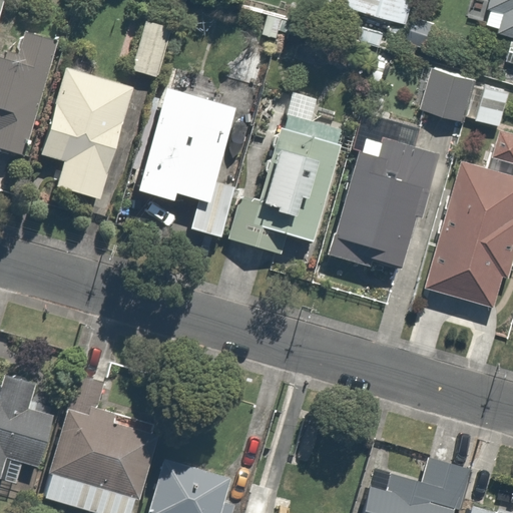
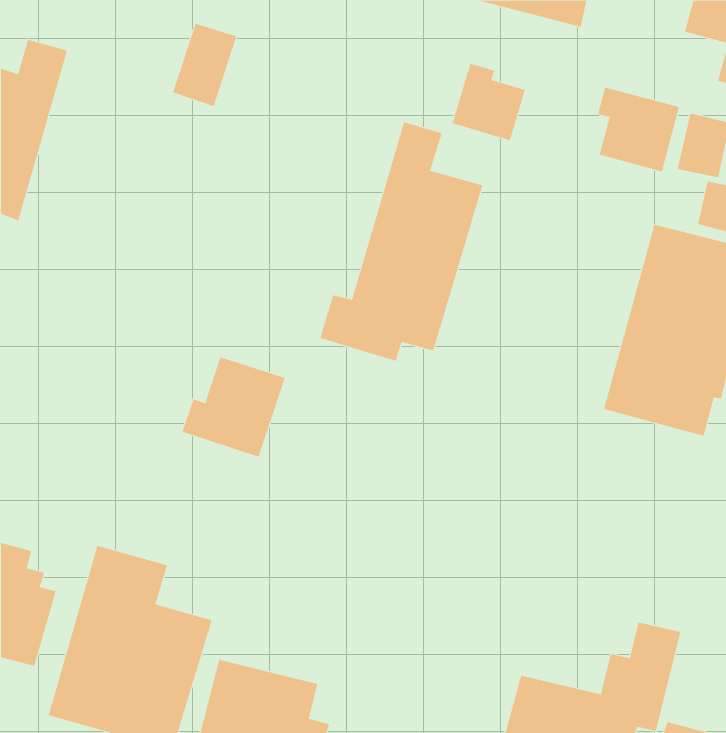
building: none -> [452,63,525,141]
building: [39,65,134,204] -> none
building: [134,85,239,241] -> none
building: [326,111,437,276] -> none
building: none -> [182,356,285,457]

